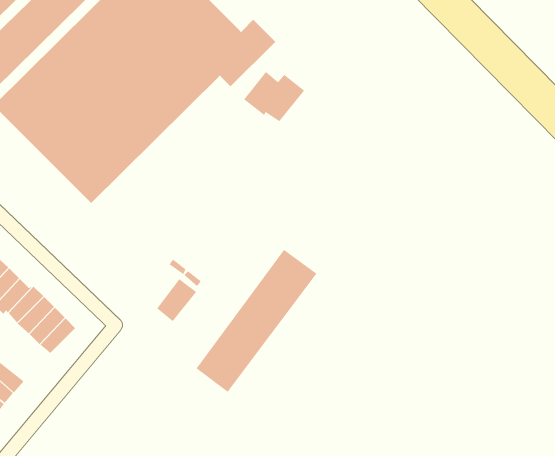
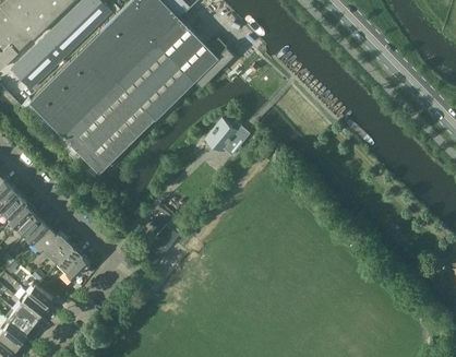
building: [243,71,305,122] -> [206,120,251,157]
building: [196,249,318,393] -> none

